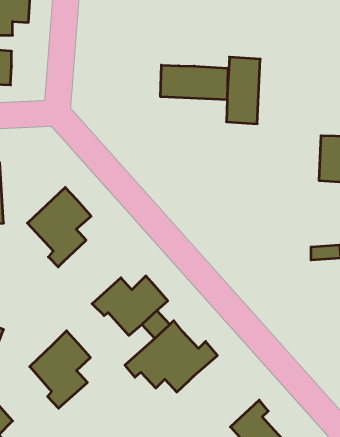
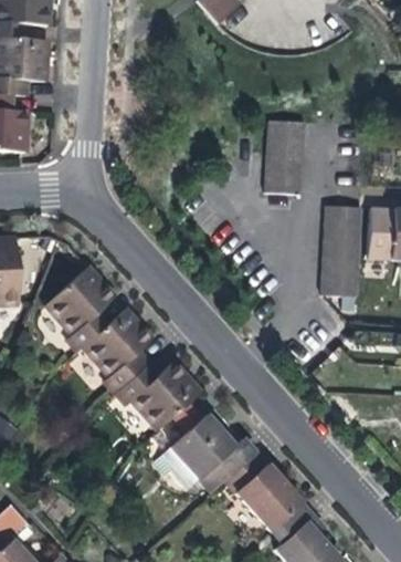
building: [161,65,228,100] -> none
building: none -> [323,205,361,296]
building: [30,331,90,408] -> [85,309,152,395]
building: none -> [224,452,303,532]

